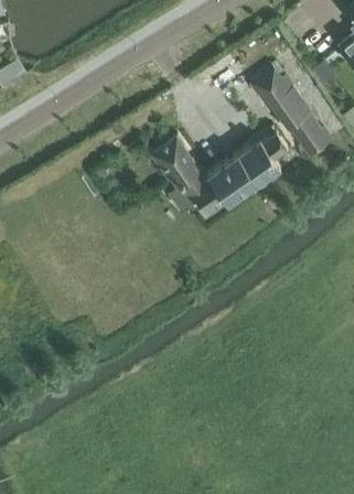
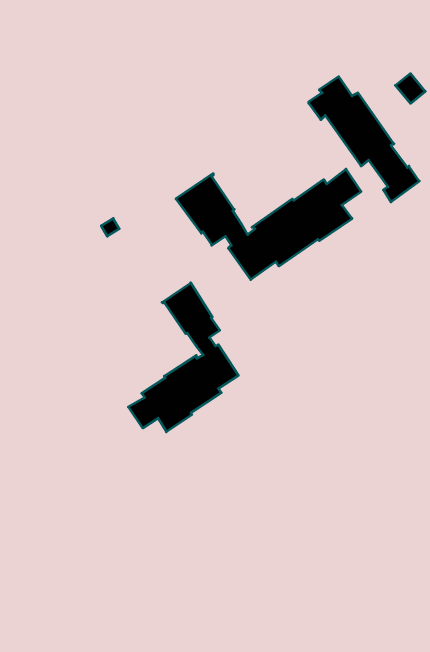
building: none -> [128,283,238,432]

